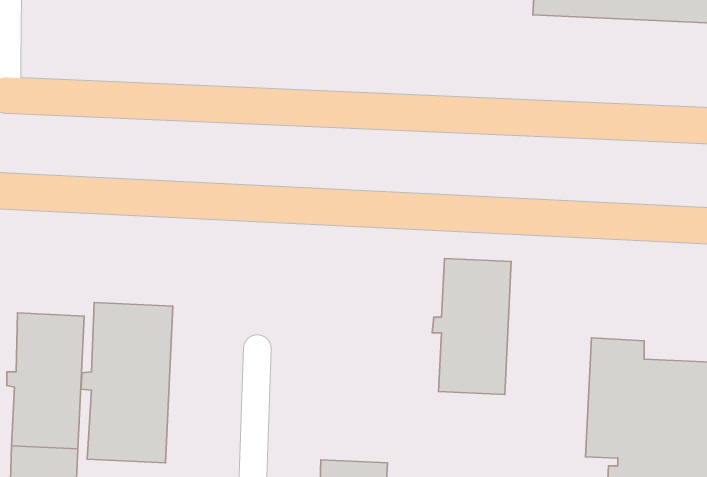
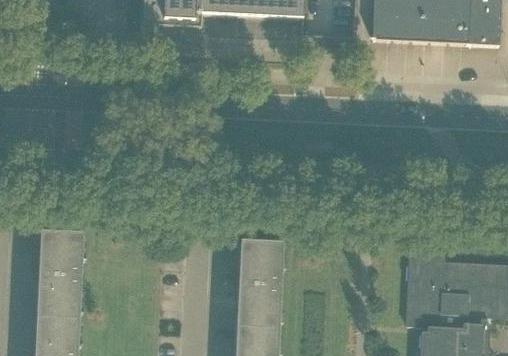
building: [432,258,511,394] -> [233,241,284,329]
building: [81,302,173,463] -> none

